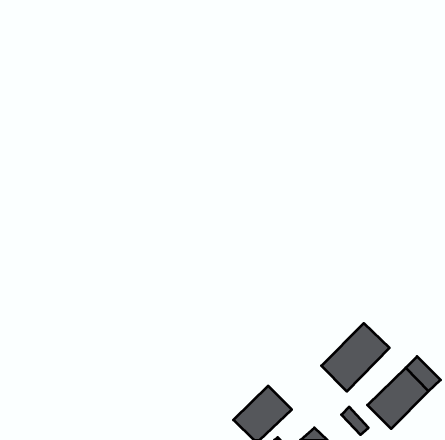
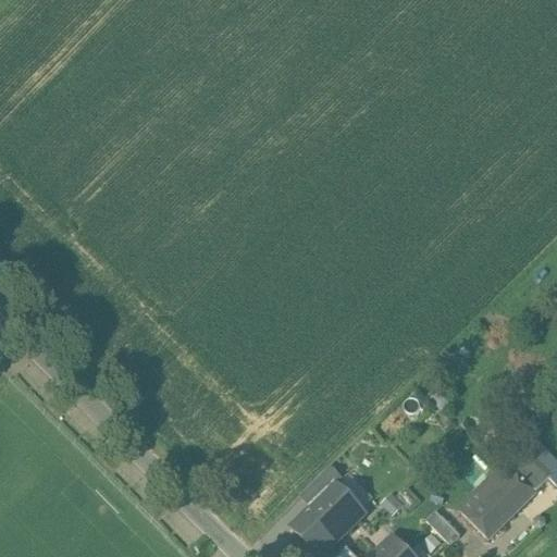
building: [321,323,389,391] -> none

